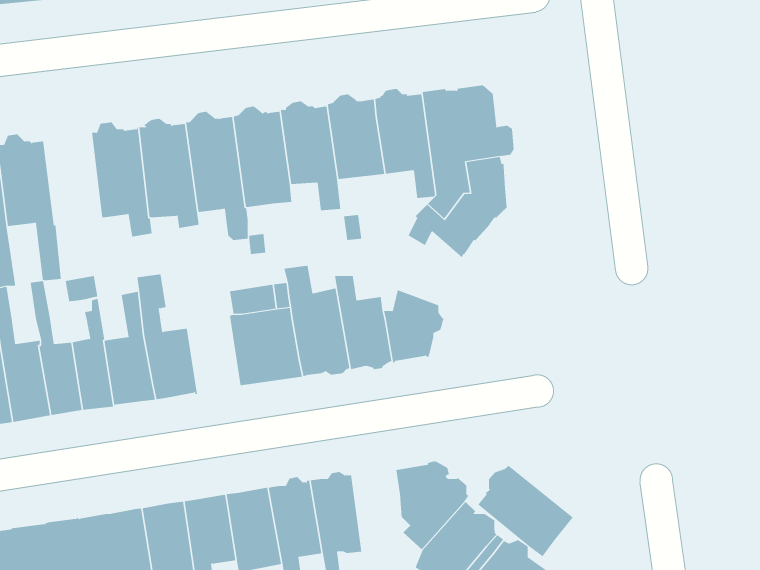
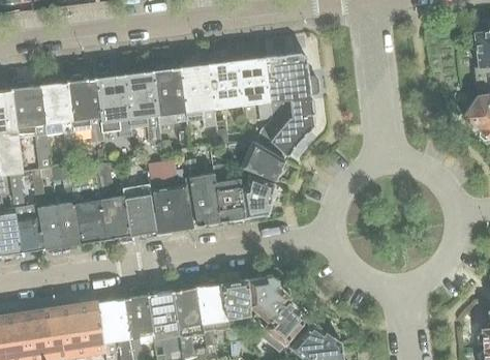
building: none -> [38,80,75,142]
building: none -> [240,141,284,181]
building: none -> [123,186,155,237]
building: [478,465,573,557] -> none
building: none -> [221,280,250,326]

